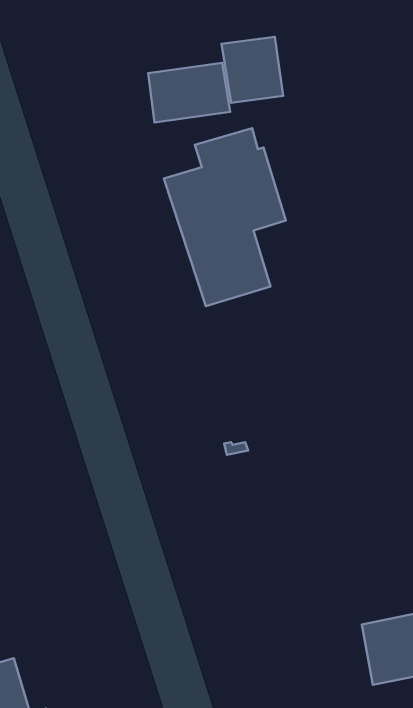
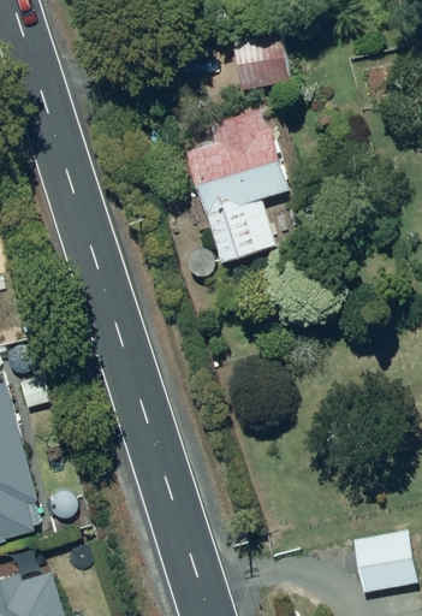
building: [148,63,230,123] -> none

